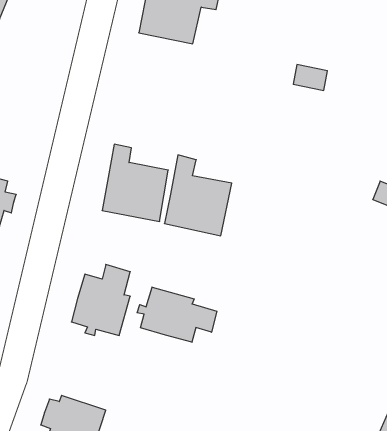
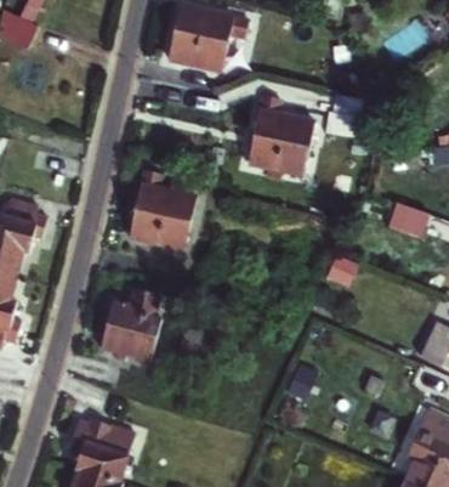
building: [164,155,232,236] -> [248,94,314,174]
building: [137,287,217,342] -> none

